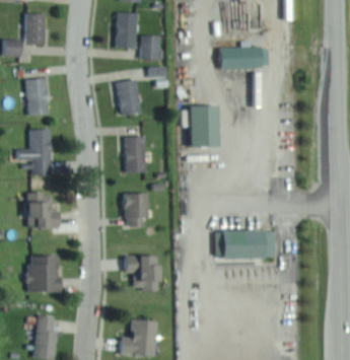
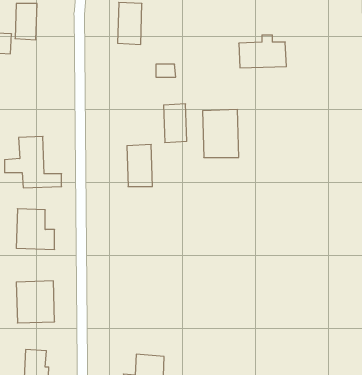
building: [140,37,159,61] -> none
building: [26,80,50,116] -> none
building: [119,81,139,115] -> [164,104,187,142]
building: [125,193,149,226] -> none
building: [216,230,276,259] -> none
building: [125,255,160,290] -> none

